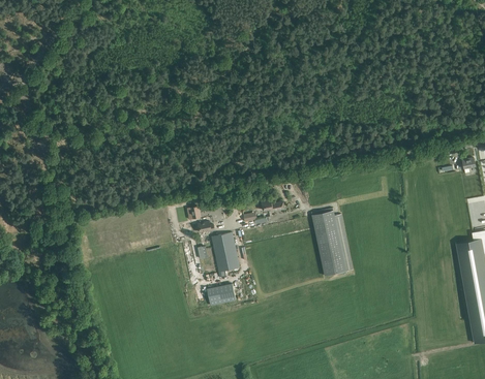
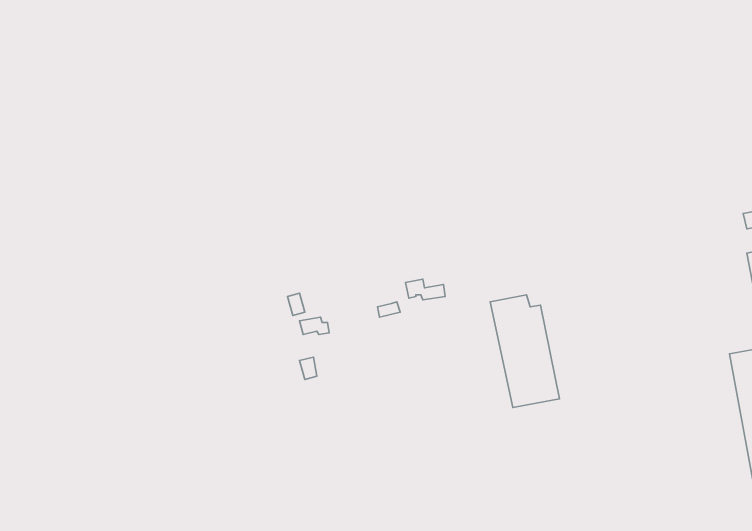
building: [212,231,240,277] -> none
building: [208,283,236,306] -> none

